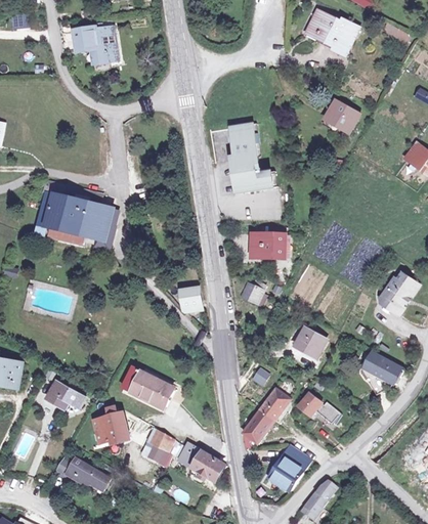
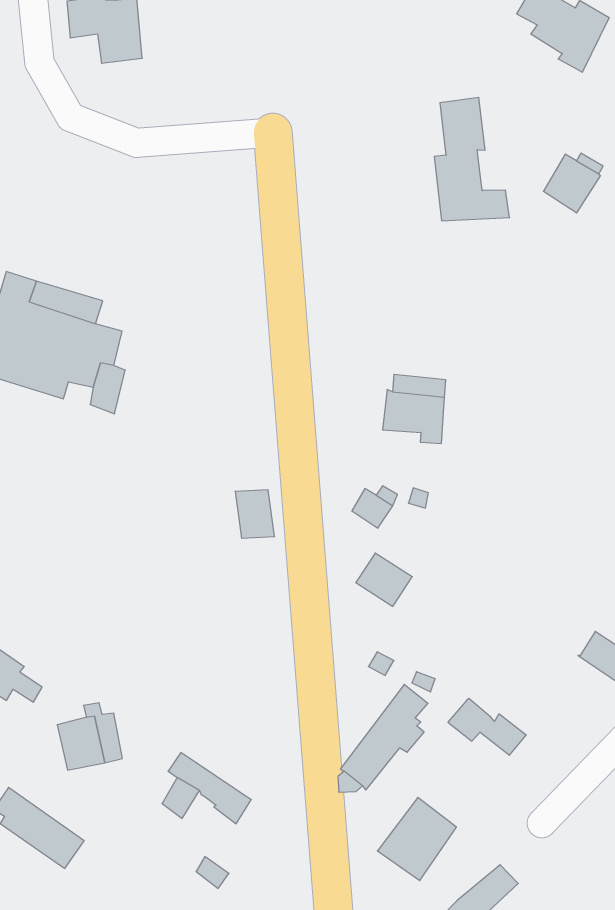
building: [231,124,273,190] -> [434,98,510,221]
building: [296,325,326,353] -> [356,553,412,606]
building: [121,362,171,404] -> none
building: [189,449,224,481] -> none

